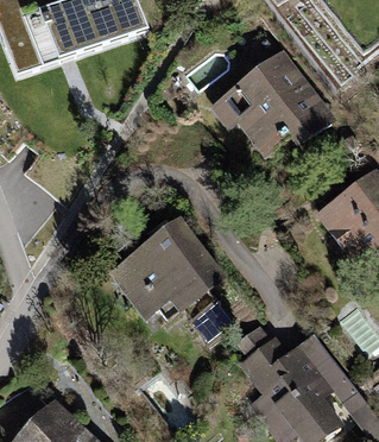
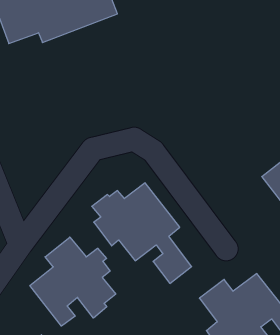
building: [225,57,330,153] -> none
building: none -> [30,237,116,326]

